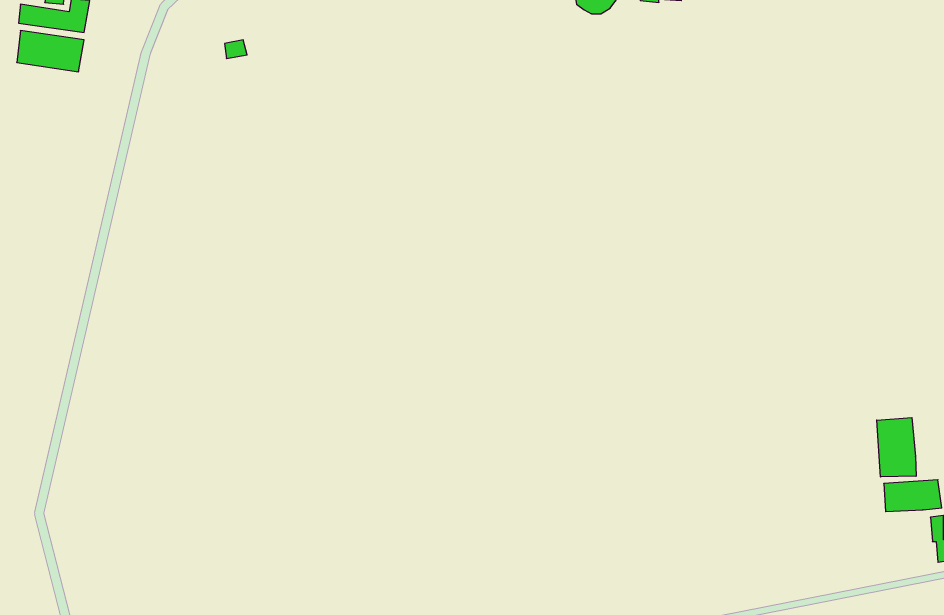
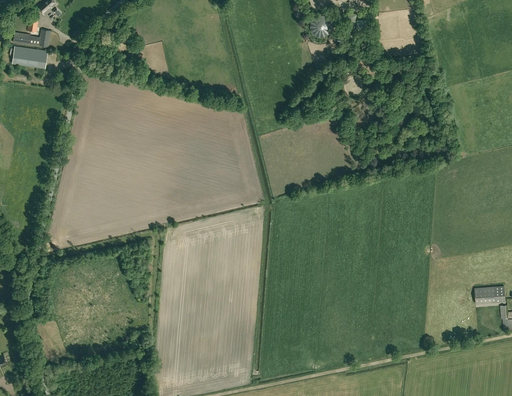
building: [877,418,916,477] -> none

